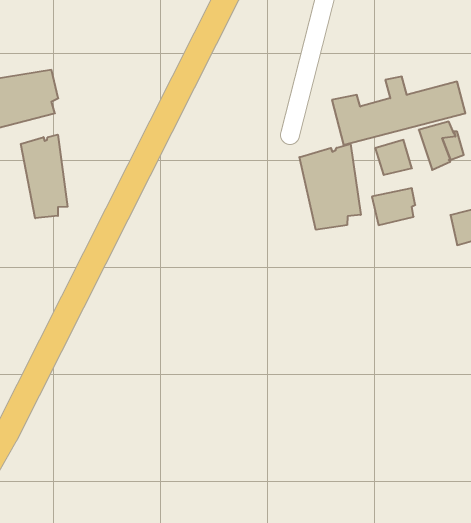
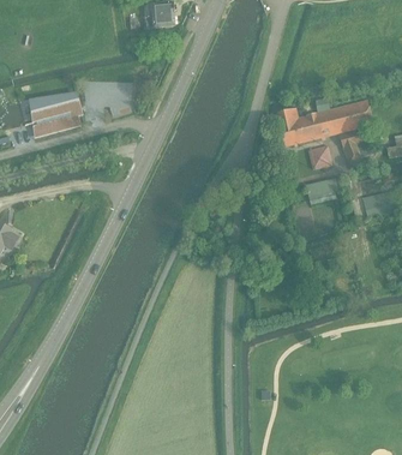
building: [21,135,68,218] -> none
building: [299,144,361,230] -> none

